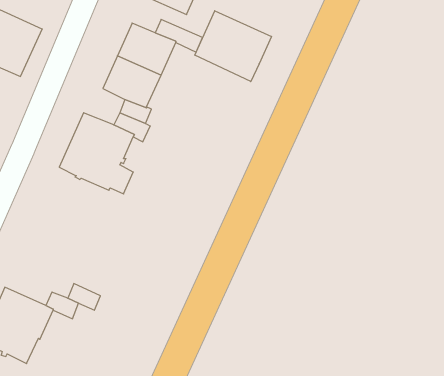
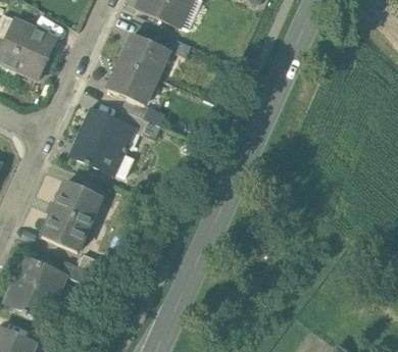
building: [195,11,271,82] -> none
building: none -> [41,179,101,250]

